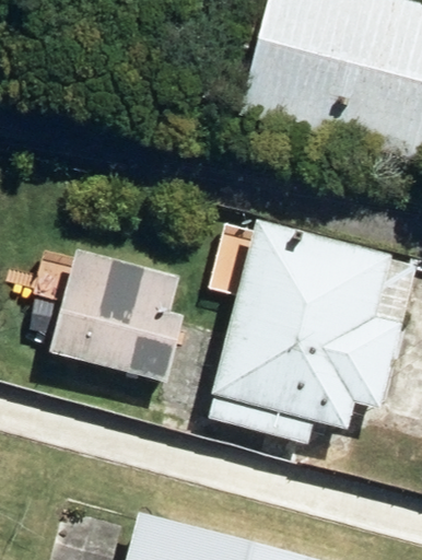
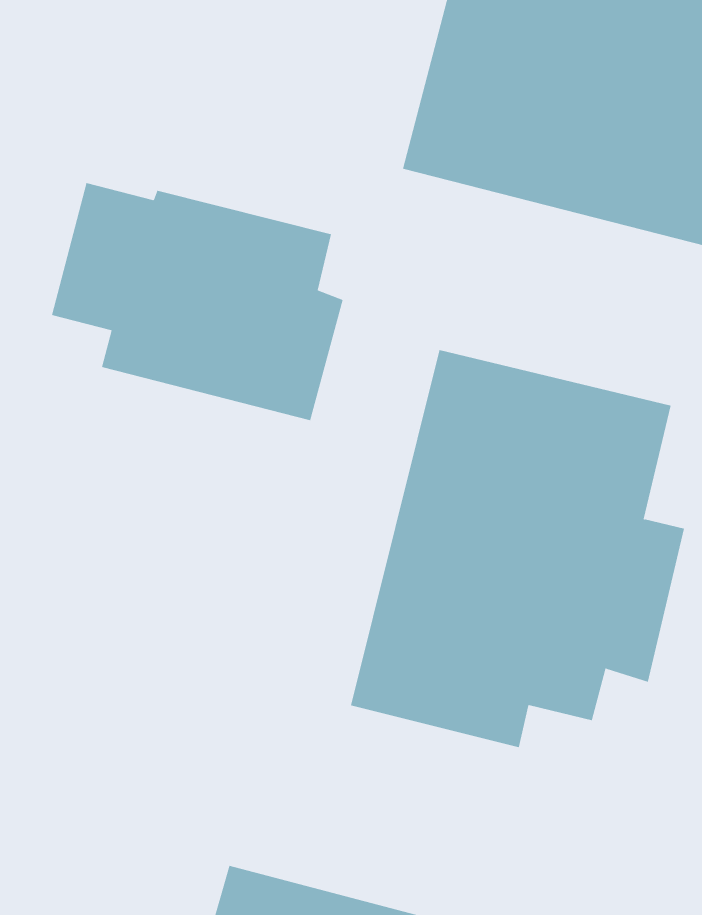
building: [16,248,183,384] -> [51,182,344,421]

